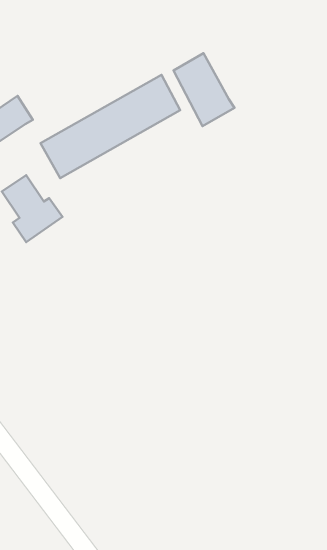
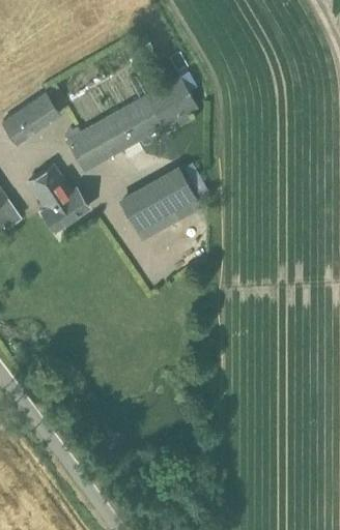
building: [173,53,234,126] -> none
building: none -> [120,167,202,241]

